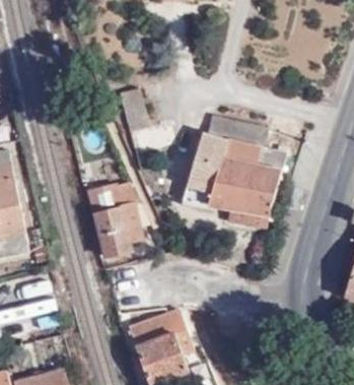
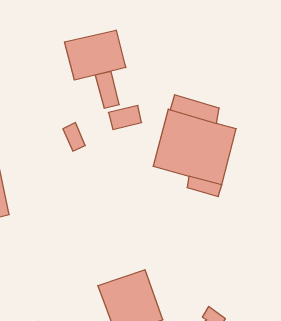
building: none -> [64,30,126,80]
building: [90,190,139,255] -> none

